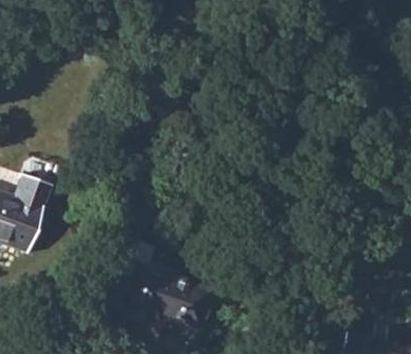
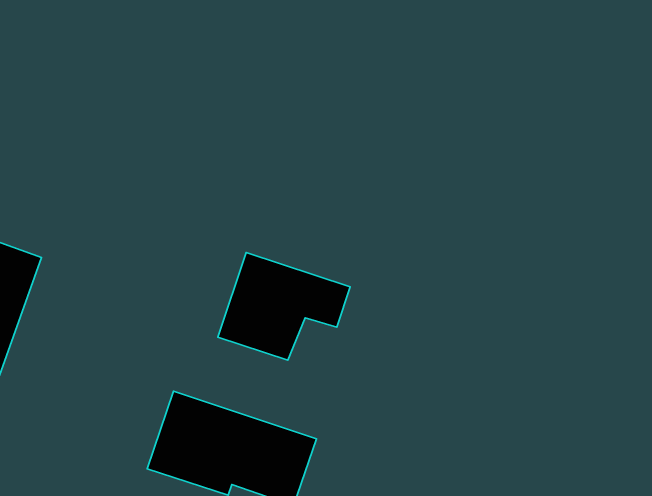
building: none -> [218,252,350,360]

